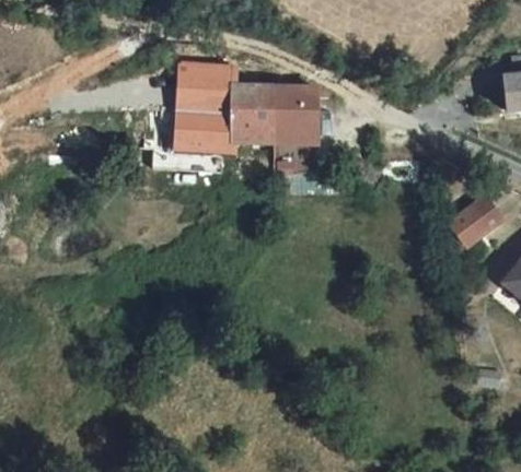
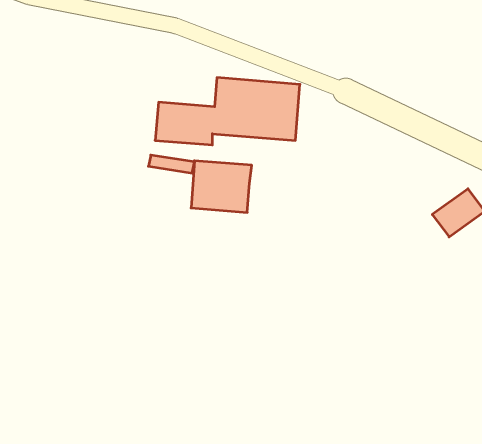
building: [181,64,240,115] -> [191,161,252,212]

